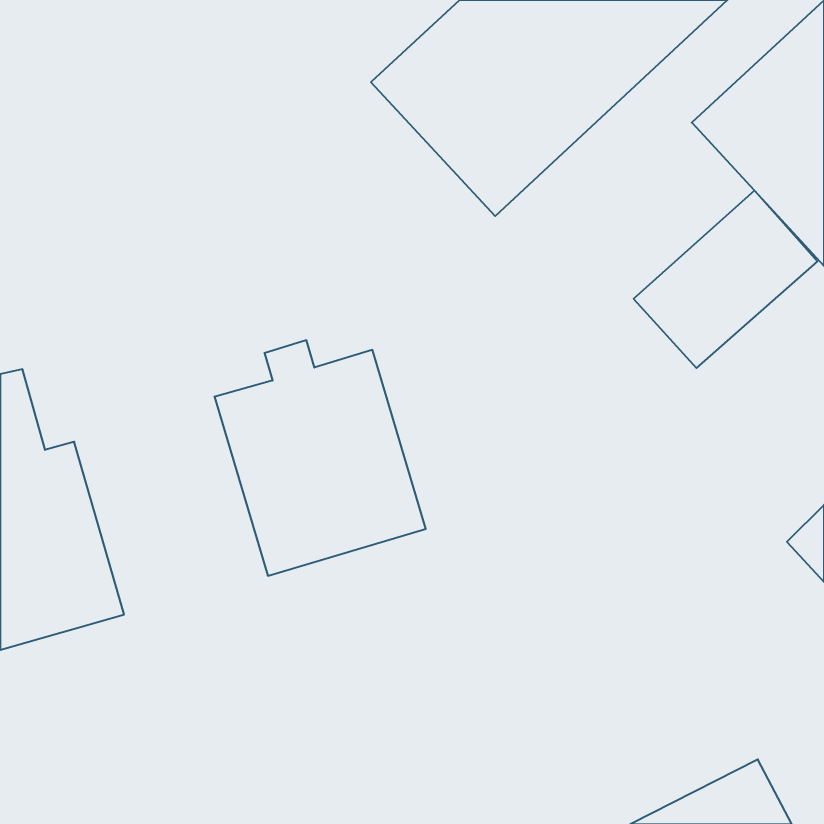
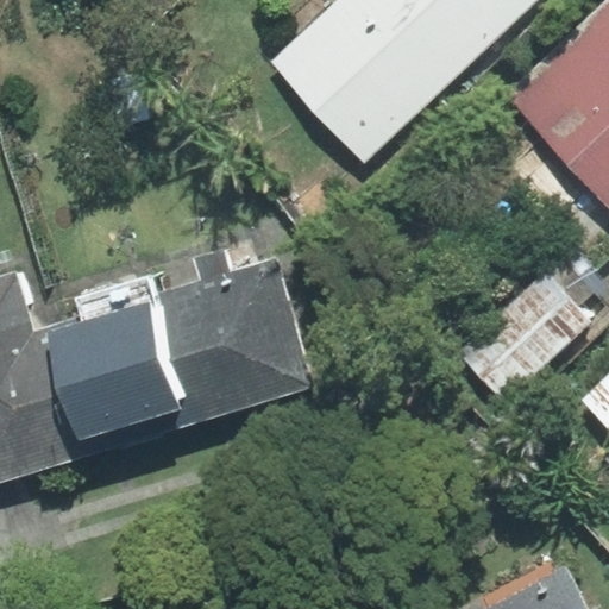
building: [634,191,817,368] -> [459,271,595,402]
building: none -> [55,276,197,453]

